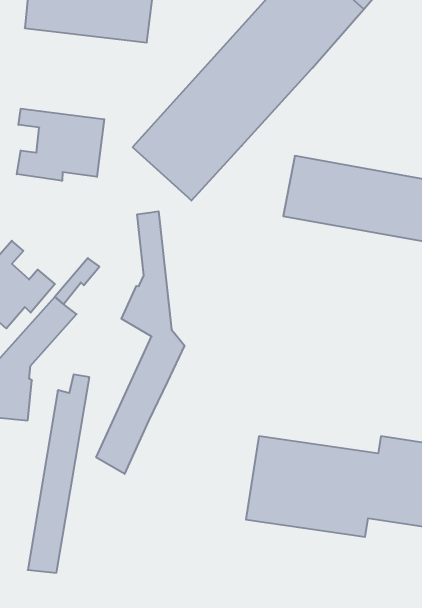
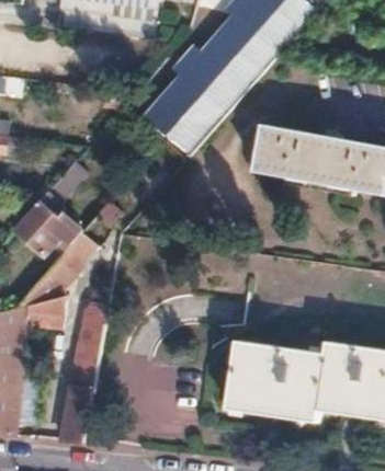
building: [17,109,104,181] -> none
building: [96,211,184,474] -> none

